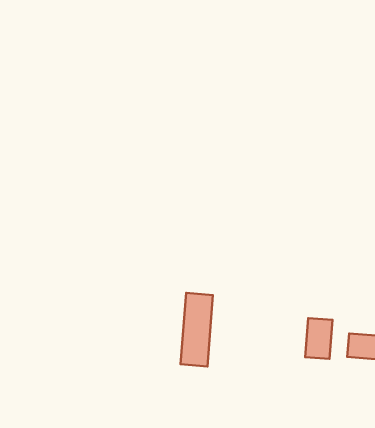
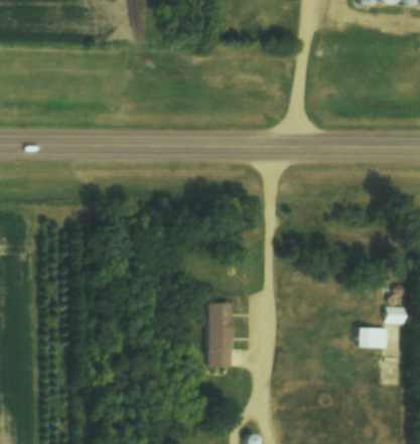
building: [305,318,332,359] -> none

